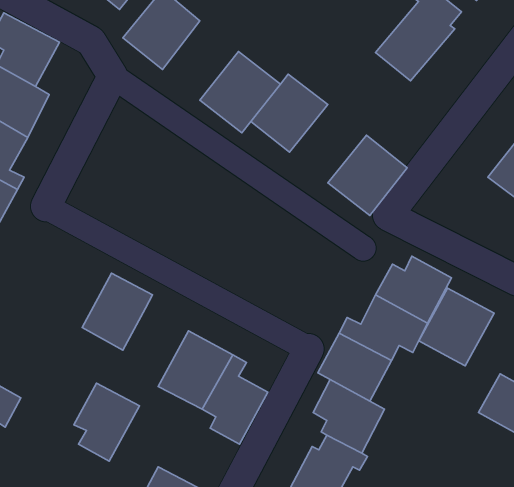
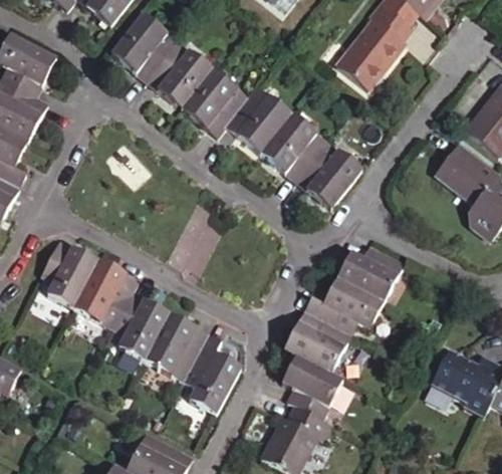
building: none -> [148,37,215,107]
building: none -> [260,111,328,181]
building: none -> [42,239,102,309]
building: [419,288,494,366] -> none
building: [74,383,140,461] -> [112,292,171,362]

